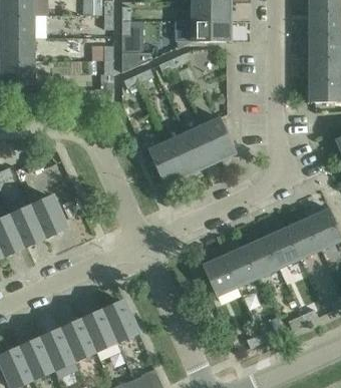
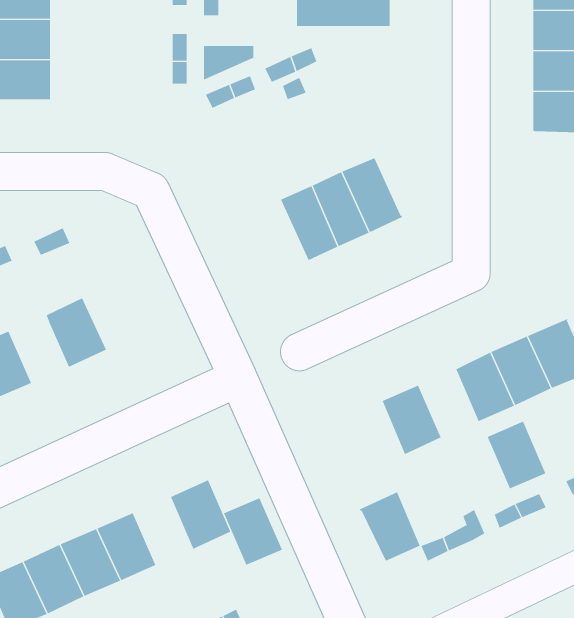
building: [147,140,182,183] -> none
building: [10,207,44,246] -> none
building: [245,238,279,277] -> [487,421,546,489]
building: [202,256,237,296] -> [359,492,420,562]
building: [81,311,115,350] -> [223,497,283,566]

